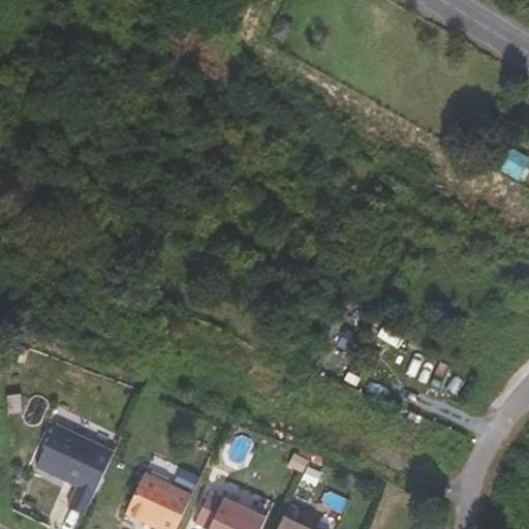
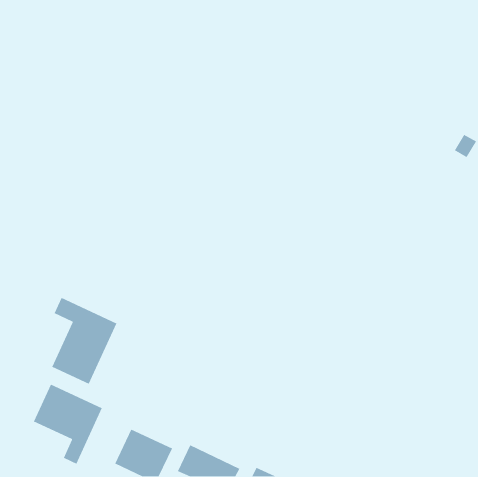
building: none -> [51,297,118,385]

